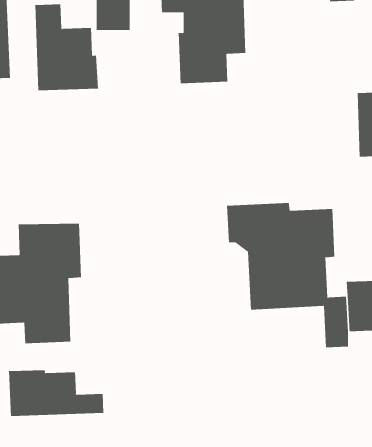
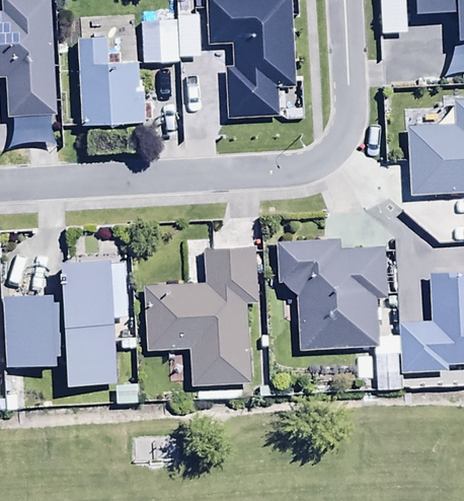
building: none -> [143,245,260,388]
building: [9,370,104,417] -> none

